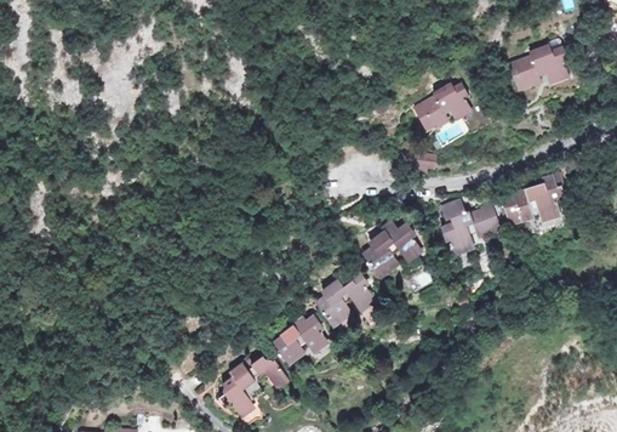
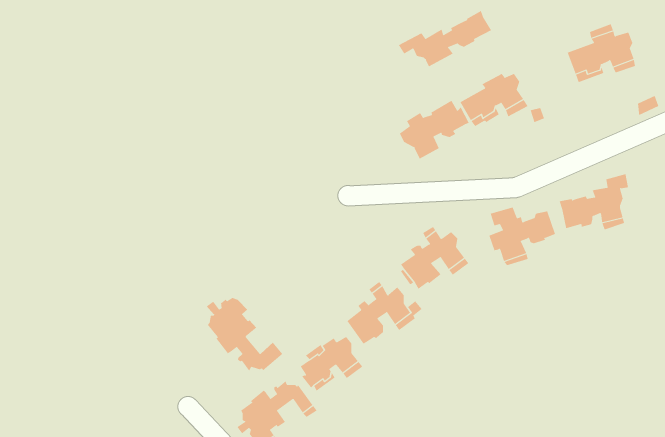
building: none -> [398,10,492,67]
building: none -> [399,100,470,159]
building: none -> [206,297,283,371]

